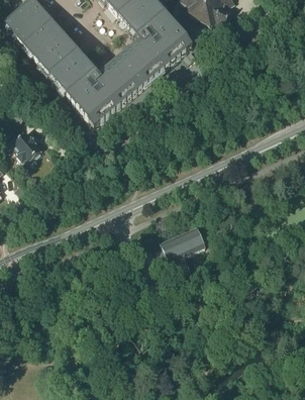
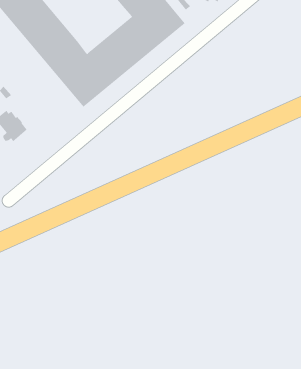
building: [156,226,206,275] -> none

